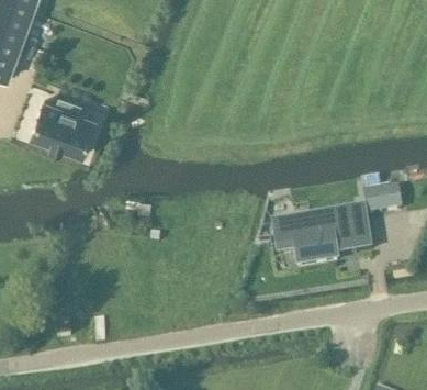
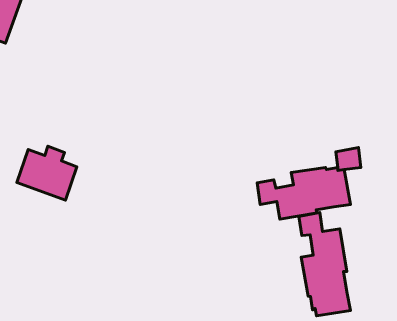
building: [32,94,95,152] -> [17,146,77,200]
building: none -> [299,212,351,316]

